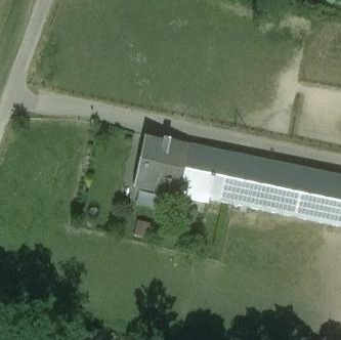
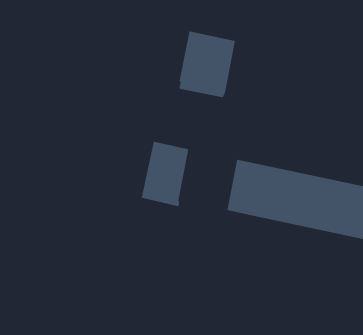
building: [168,140,220,202] -> [179,31,236,98]

